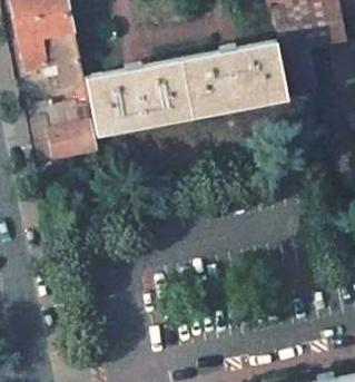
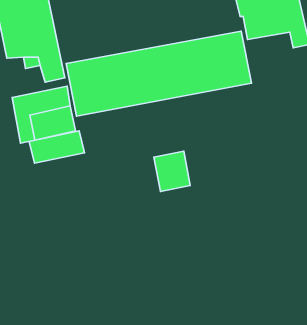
building: none -> [29,131,85,163]
building: none -> [154,151,190,191]

